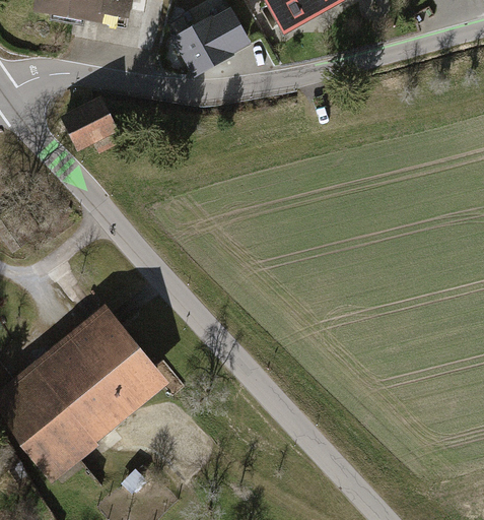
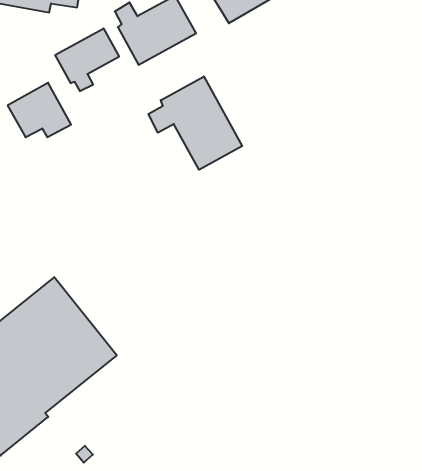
building: none -> [55,28,119,91]
building: none -> [148,76,242,170]

